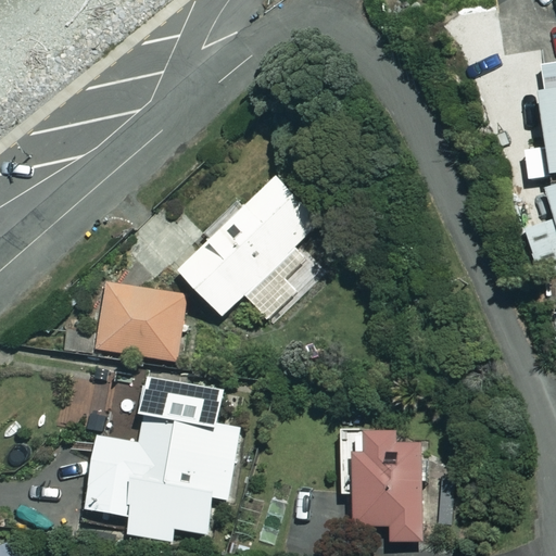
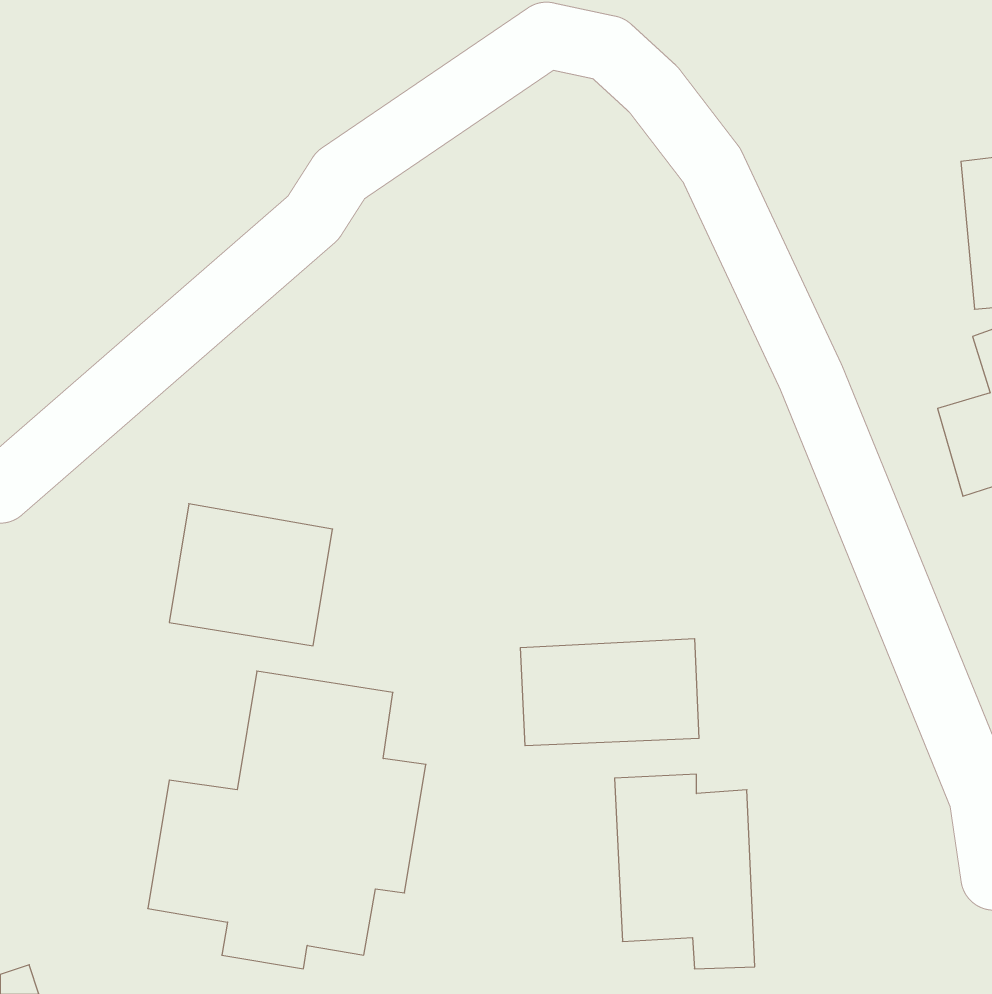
building: [176,177,326,326] -> none
building: none -> [520,639,699,746]

